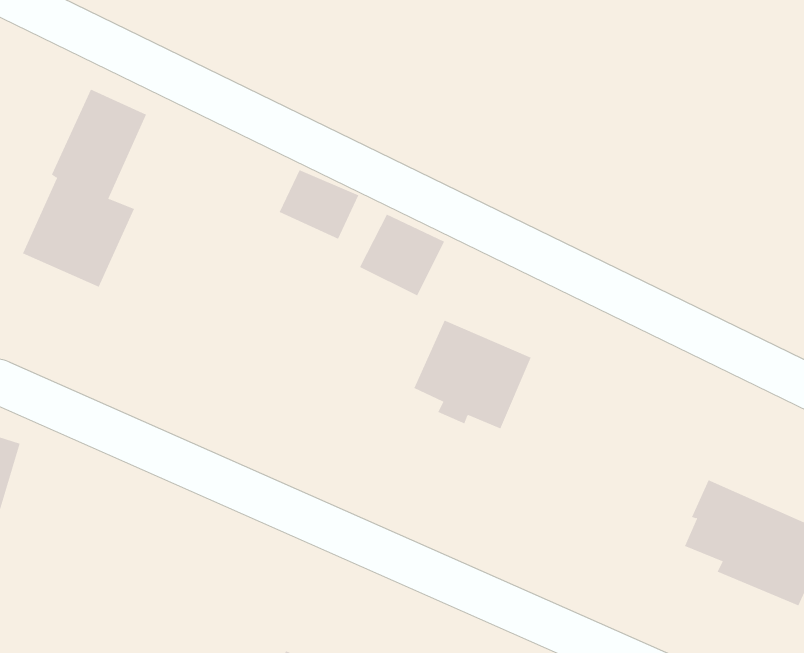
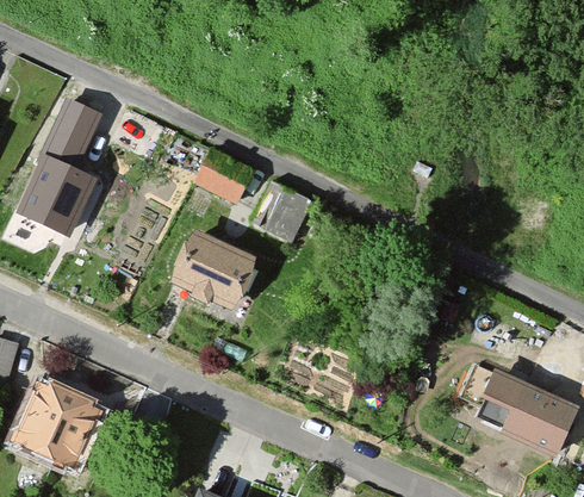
building: [413,320,532,429] -> [173,234,255,310]
building: none -> [12,385,102,468]

